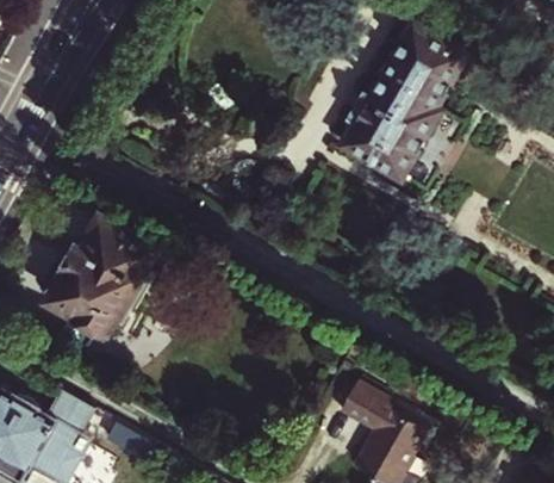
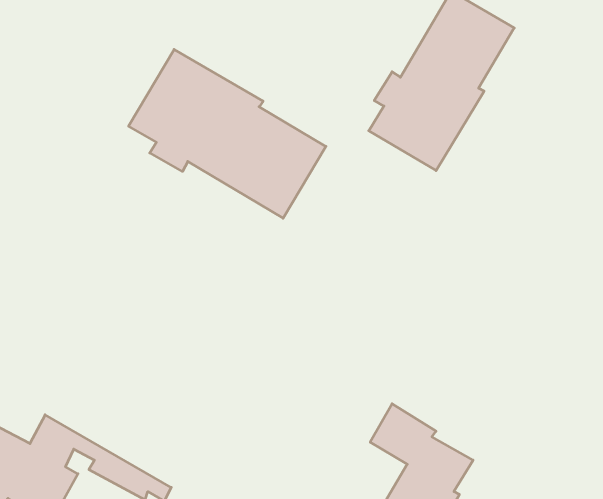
building: none -> [129,49,326,218]
building: [44,211,152,328] -> none

